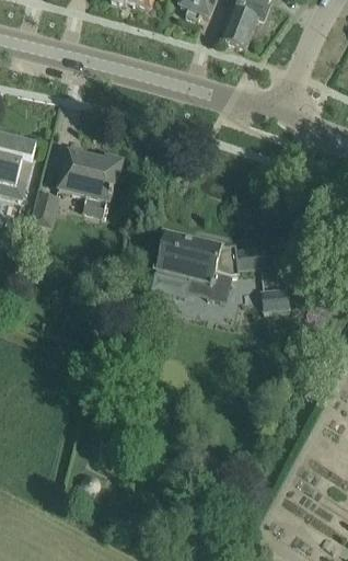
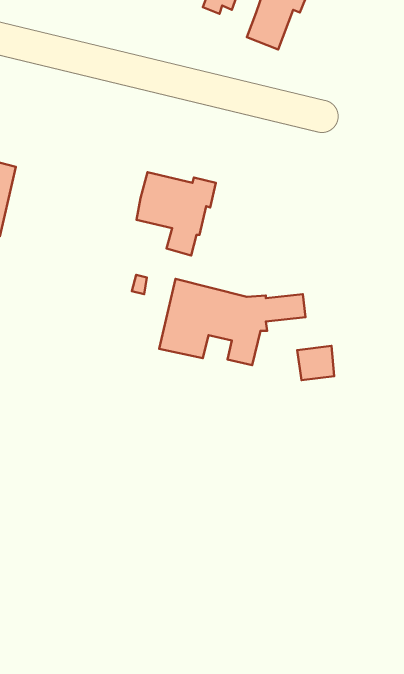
building: [58,150,121,217] -> [137,172,216,255]
building: [31,191,58,226] -> none

